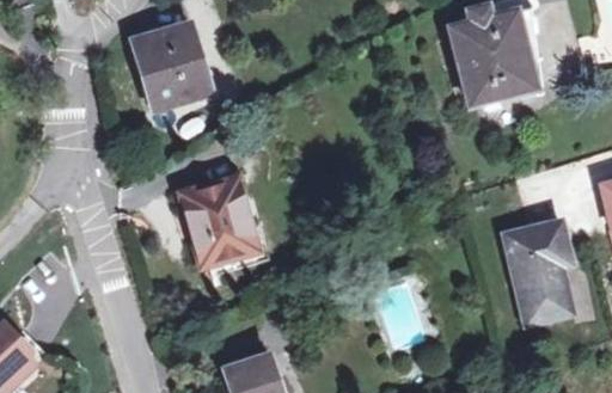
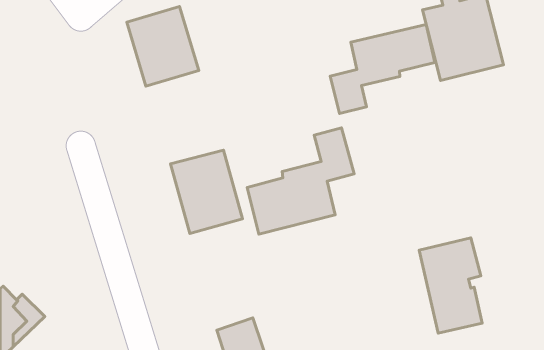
building: none -> [330,24,435,114]
building: none -> [247,128,354,234]
building: [506,222,573,324] -> [419,238,482,333]

